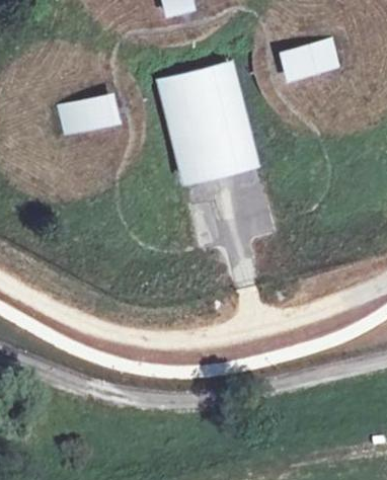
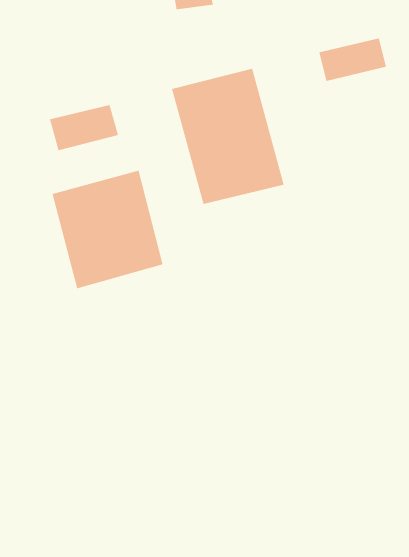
building: none -> [52,170,163,289]

